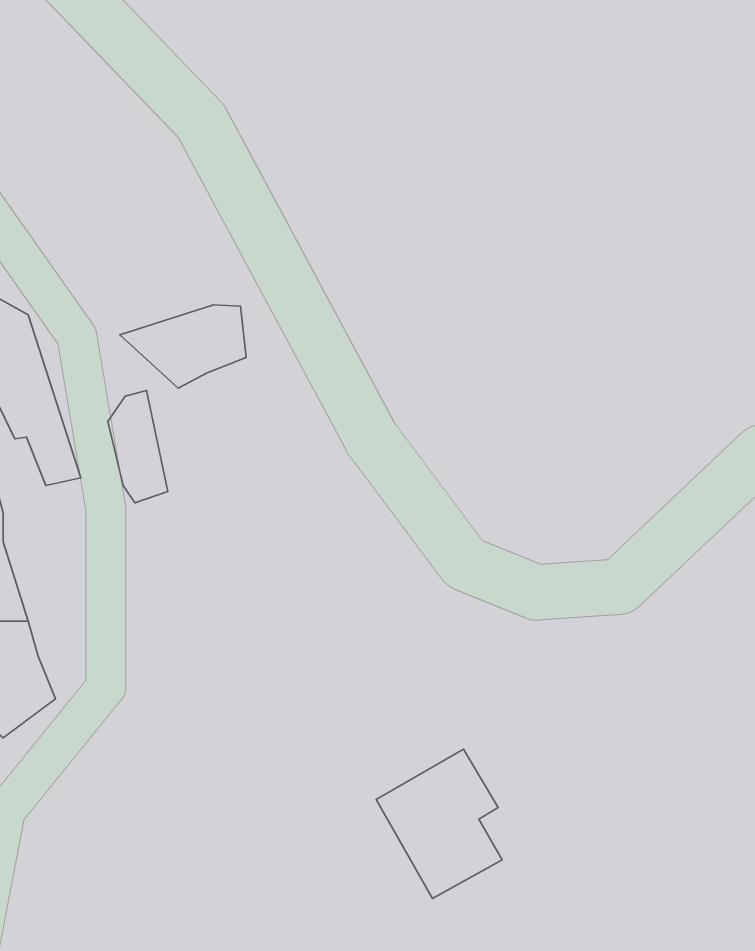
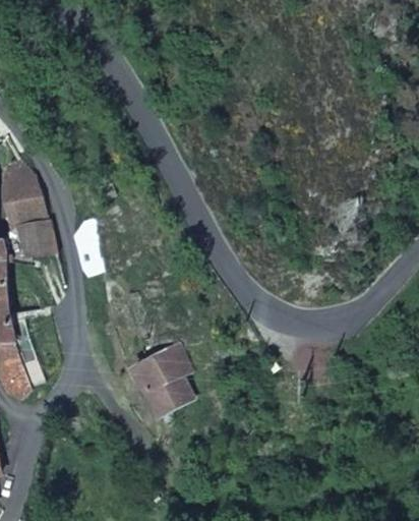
building: [120,305,246,388] -> none
building: [376,749,502,899] -> [131,341,197,419]

